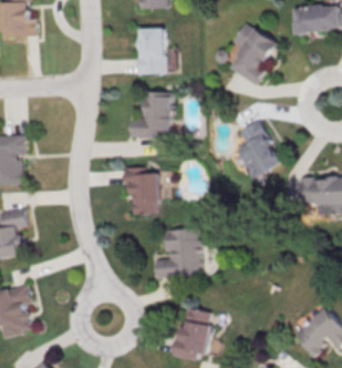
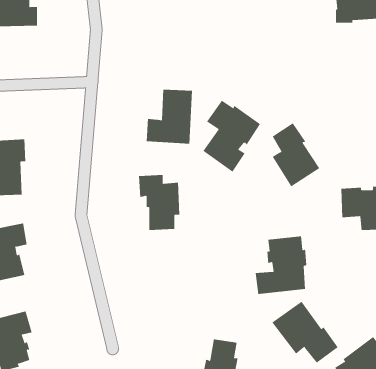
building: [228,22,279,85] -> [202,100,261,173]
building: [138,27,167,74] -> none
building: [154,227,199,278] -> [255,236,307,294]
building: none -> [272,301,339,363]

